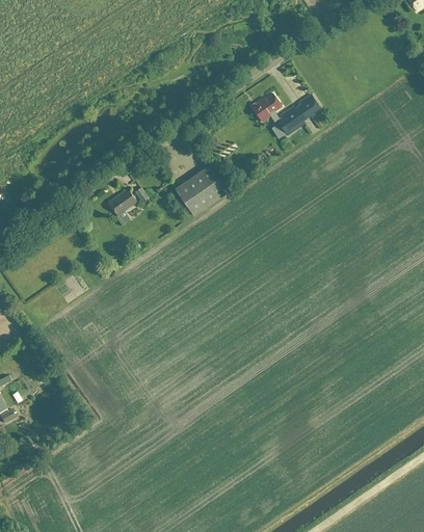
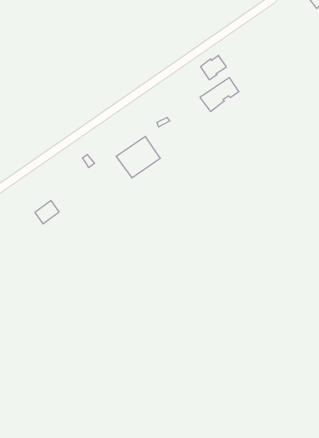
building: [250,92,282,122] -> [201,55,226,80]
building: [107,188,136,216] -> [35,201,59,224]

